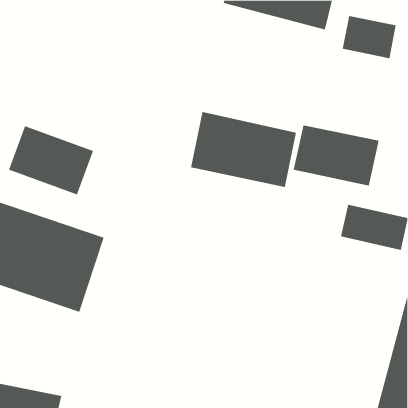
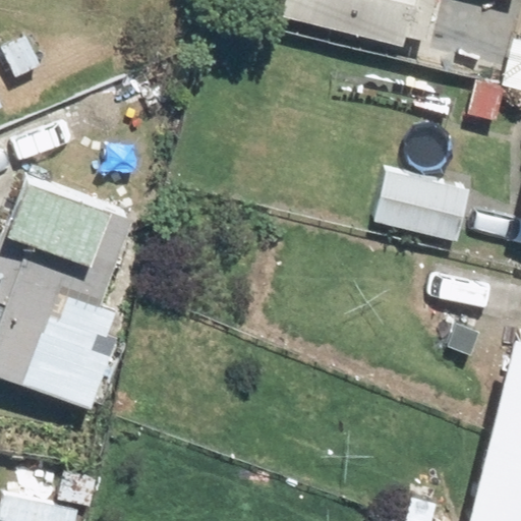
building: [190,111,297,188] -> none

